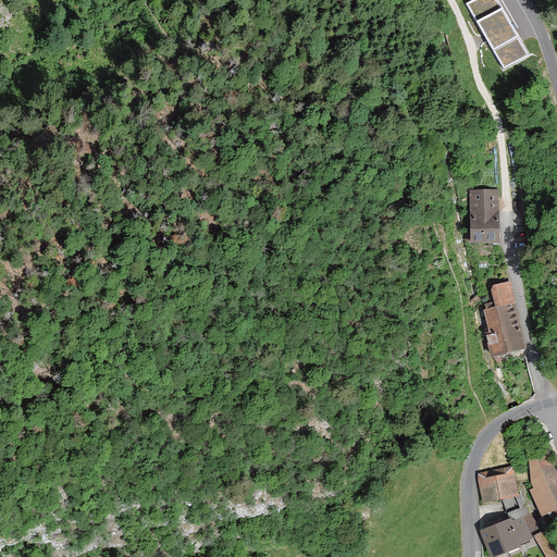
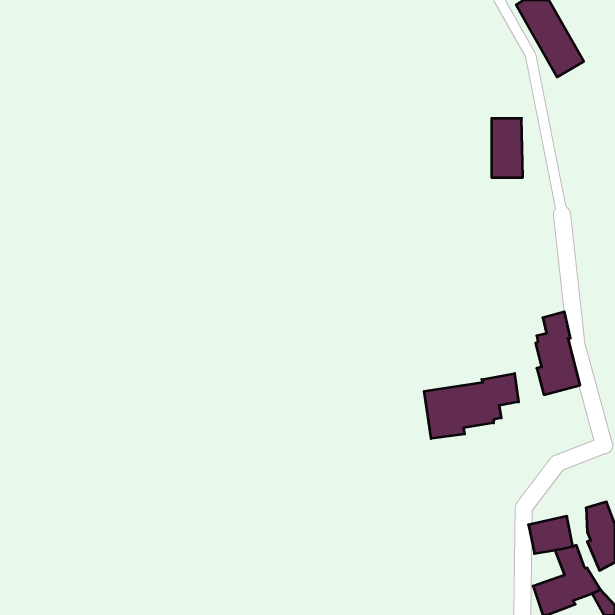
building: [471,190,499,244] -> [492,118,523,177]
building: none -> [424,373,519,439]

